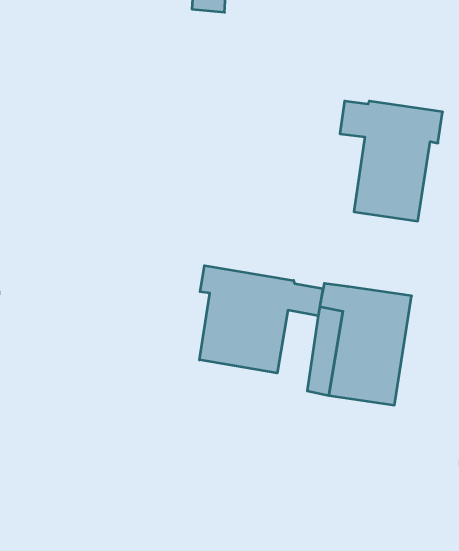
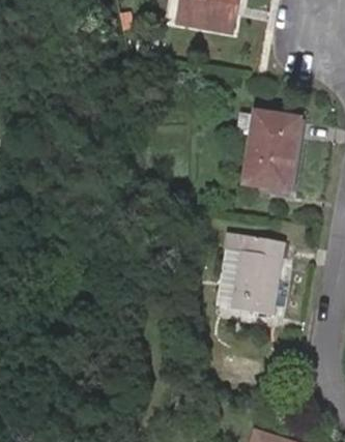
building: [199,266,323,373] -> none

